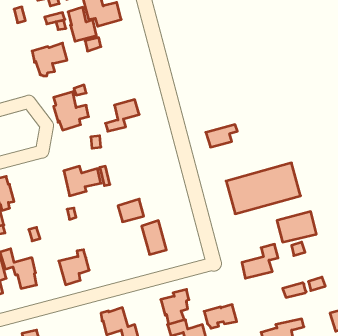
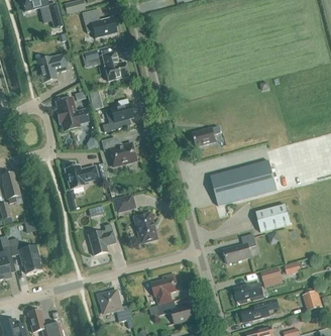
building: [68,7,96,41] -> [102,50,127,81]
building: none -> [101,137,135,166]
building: [59,250,89,285] -> [88,224,115,255]
building: [204,305,237,328] -> [235,283,264,304]

